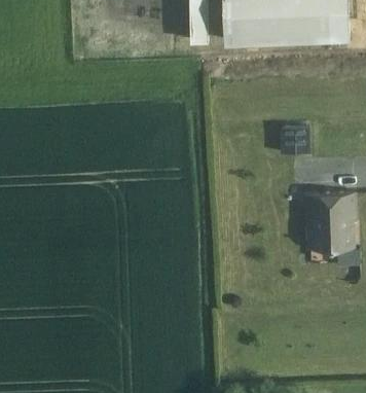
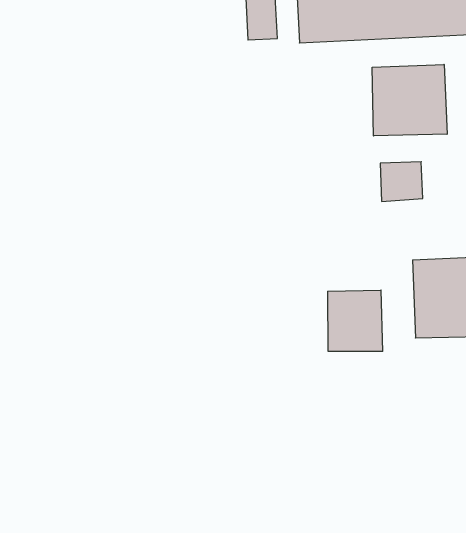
building: none -> [372,64,447,136]
building: none -> [328,290,383,351]

